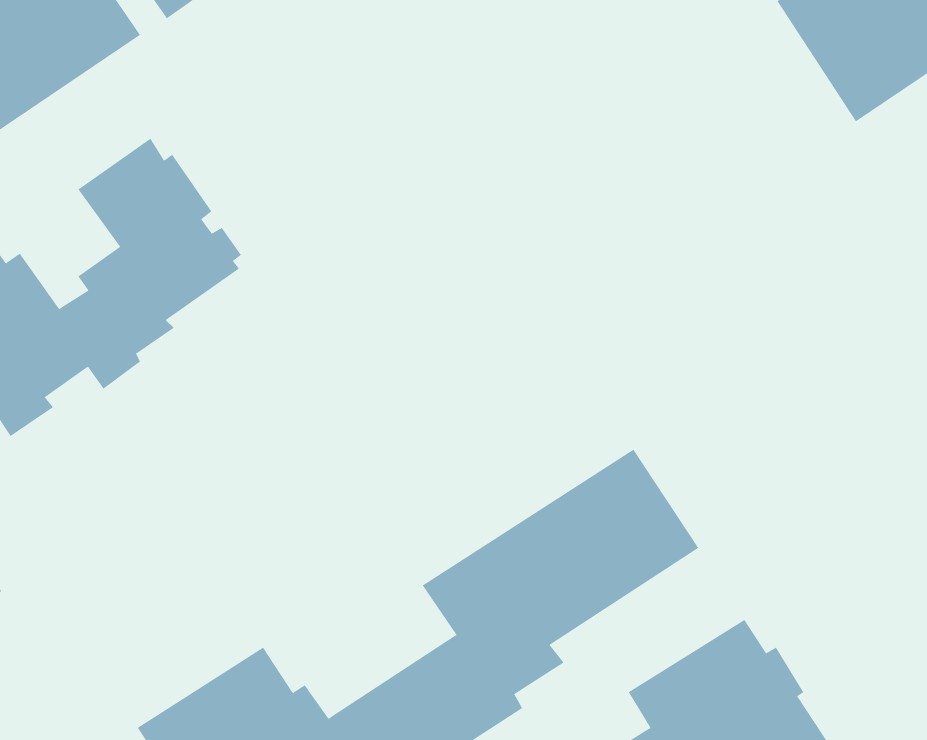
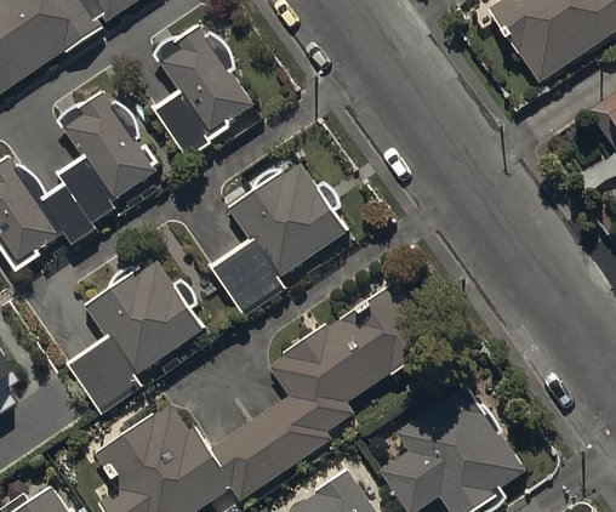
building: none -> [150,28,259,161]
building: none -> [211,161,348,315]
building: none -> [69,258,203,414]

